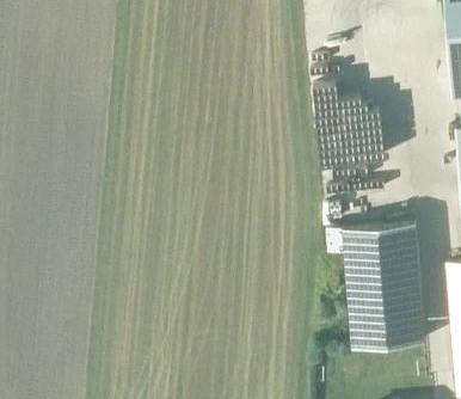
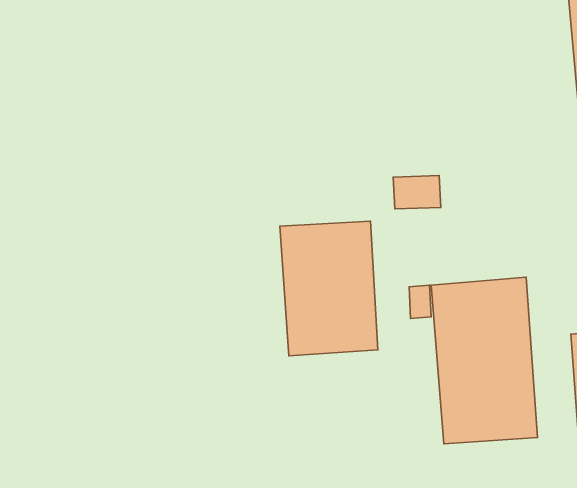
building: none -> [280,221,378,356]

